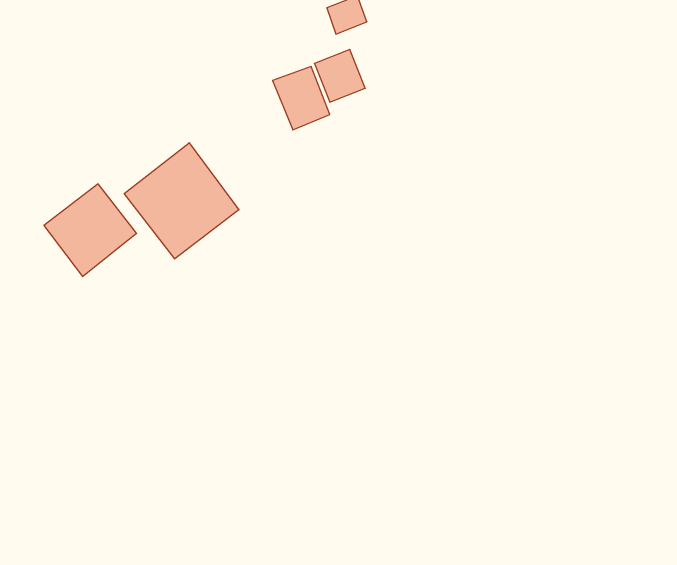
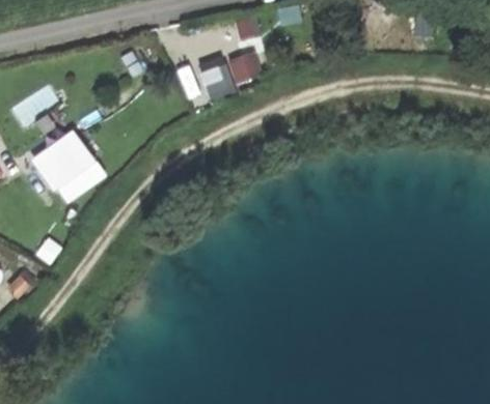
building: [124,143,239,259] -> none

